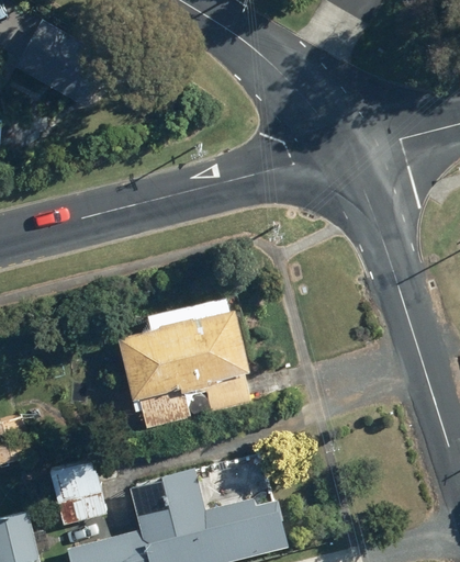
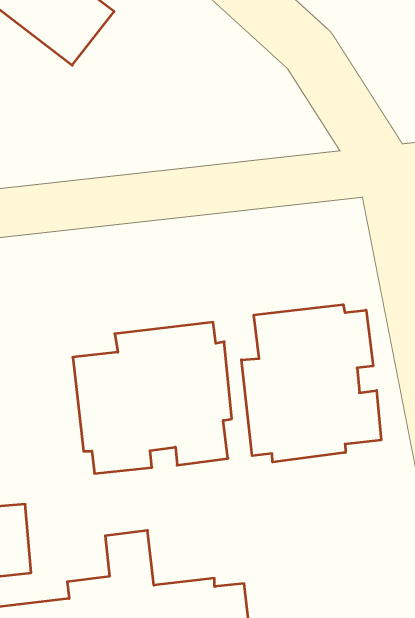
building: none -> [241,305,381,462]

